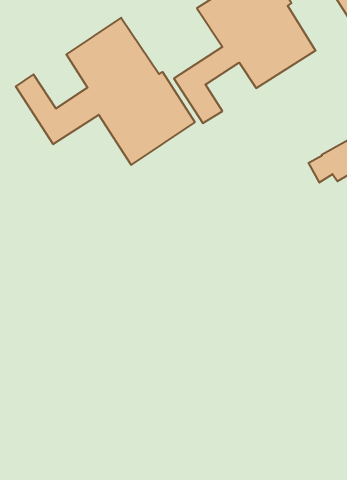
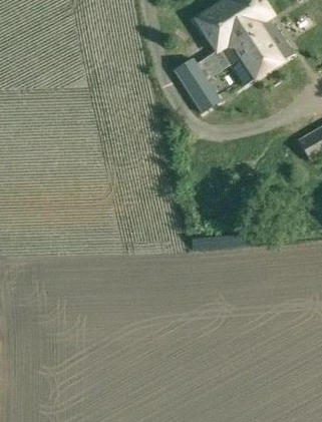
building: [16,18,195,165] -> none

